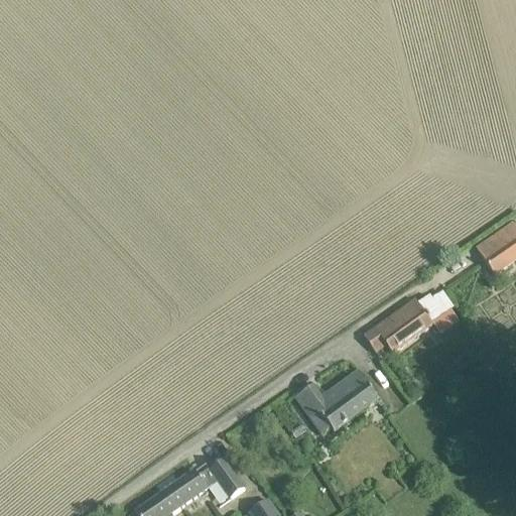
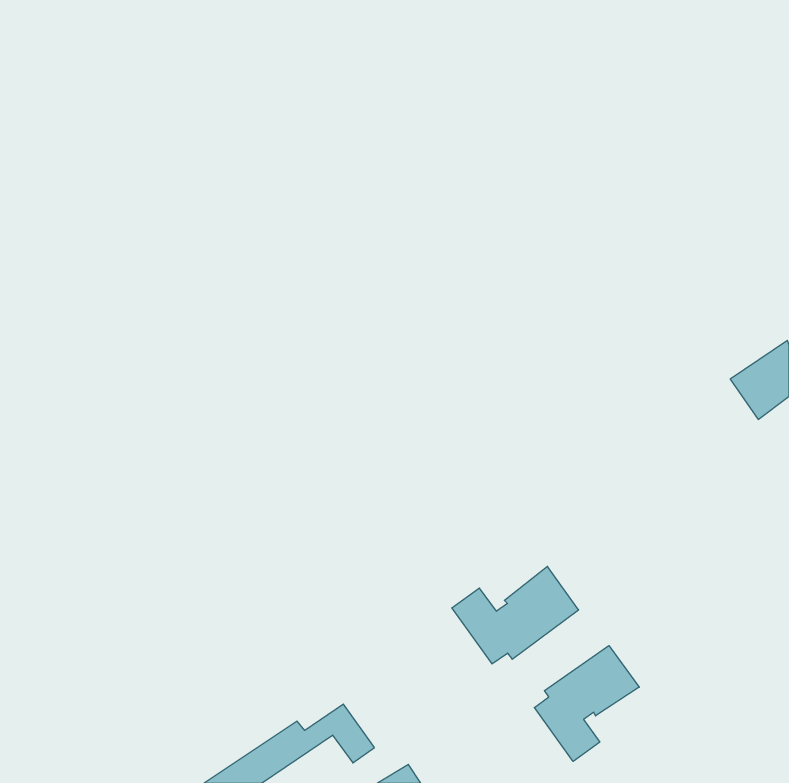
building: [363,289,457,352] -> none
building: none -> [534,646,639,761]

